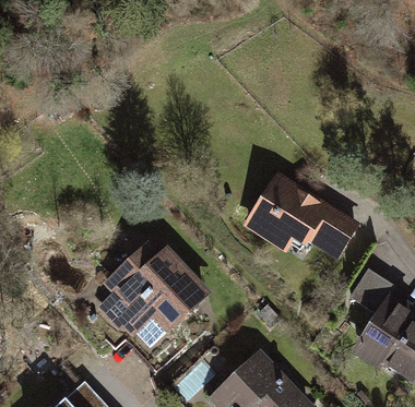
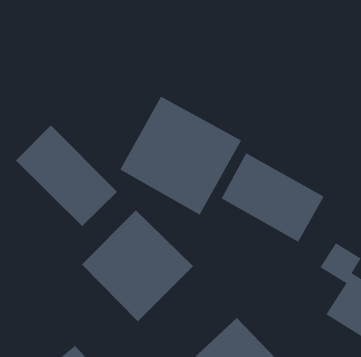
building: none -> [119,96,242,215]
building: none -> [15,125,118,227]

